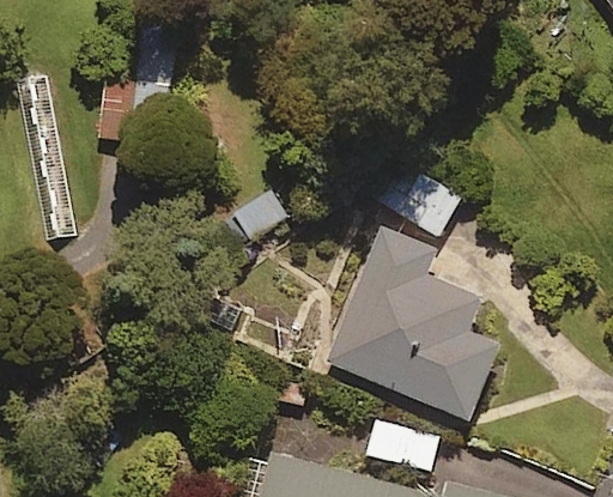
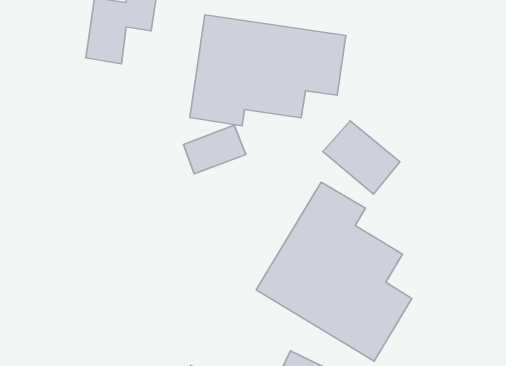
building: none -> [190,15,346,126]

